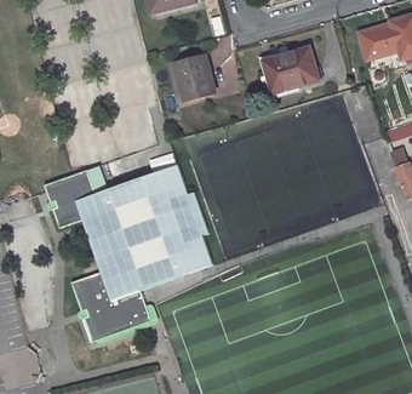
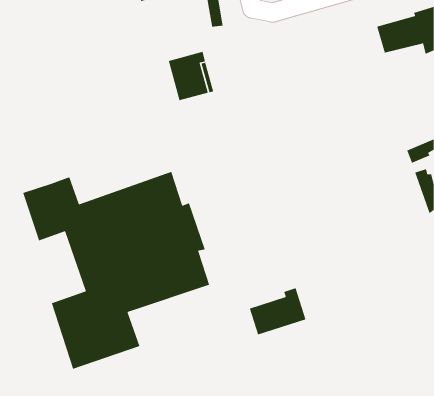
building: [261,47,316,95] -> none
building: none -> [249,287,307,336]

